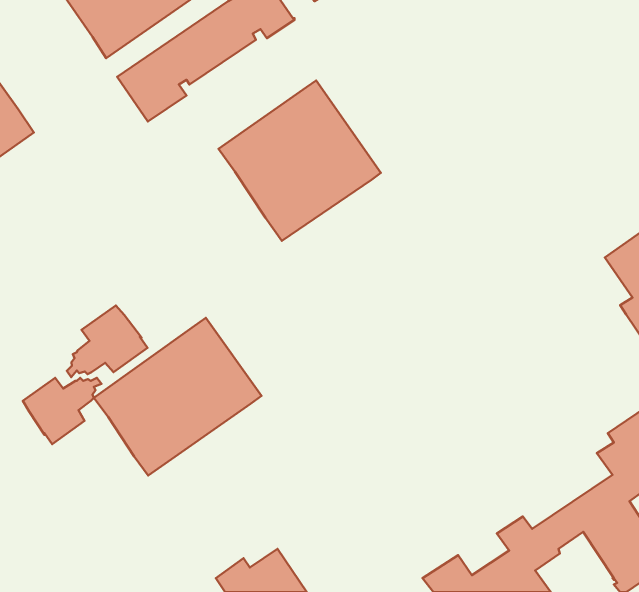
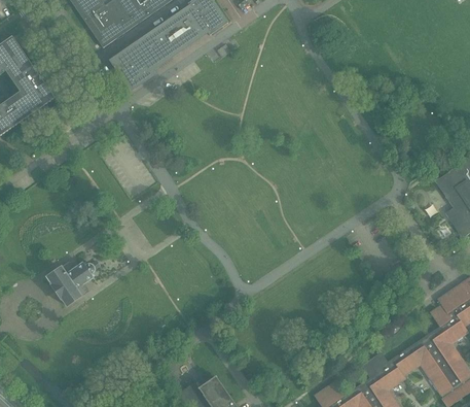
building: [219,80,381,241] -> none
building: [67,306,148,377] -> none
building: [94,318,261,476] -> none

